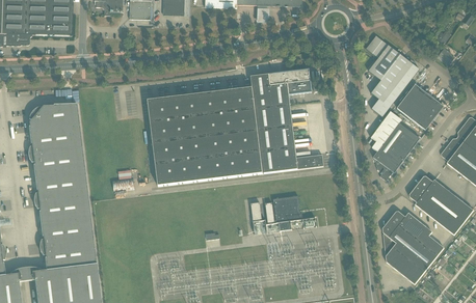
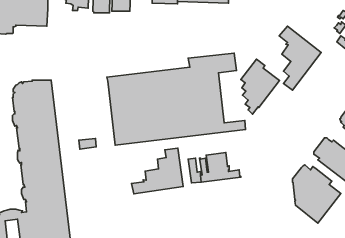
building: [396,83,443,129] -> none
building: [370,110,419,180] -> [241,59,279,114]
building: none -> [132,148,183,194]

